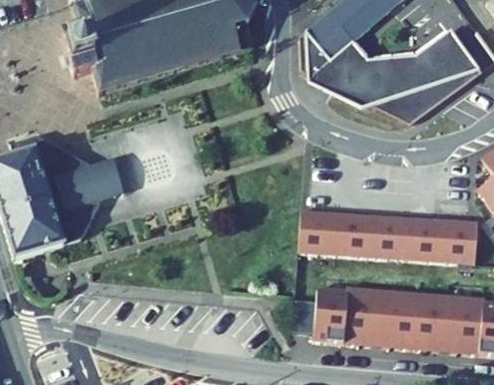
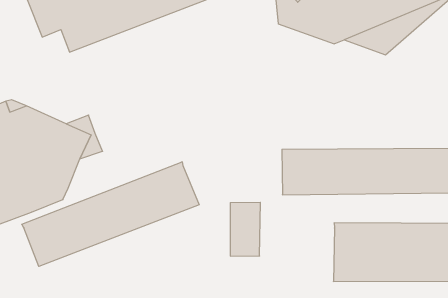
building: none -> [22,162,199,266]
building: [315,288,349,343] -> [230,202,260,256]

